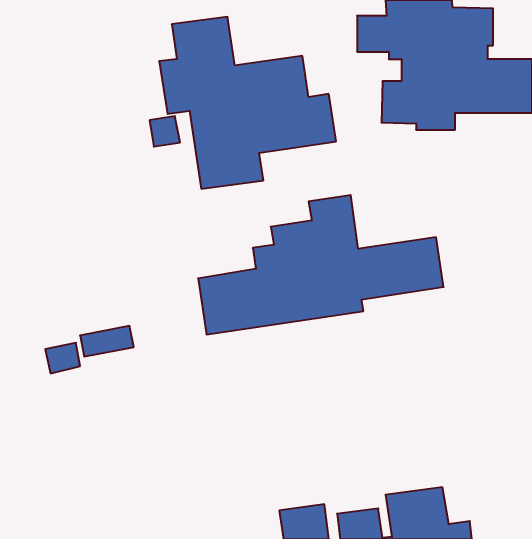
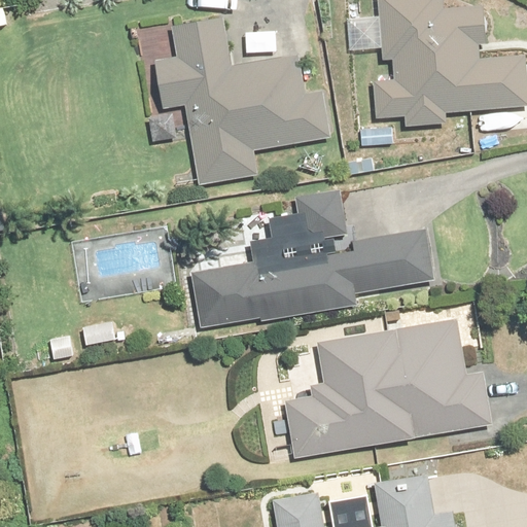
building: none -> [284,312,500,462]

